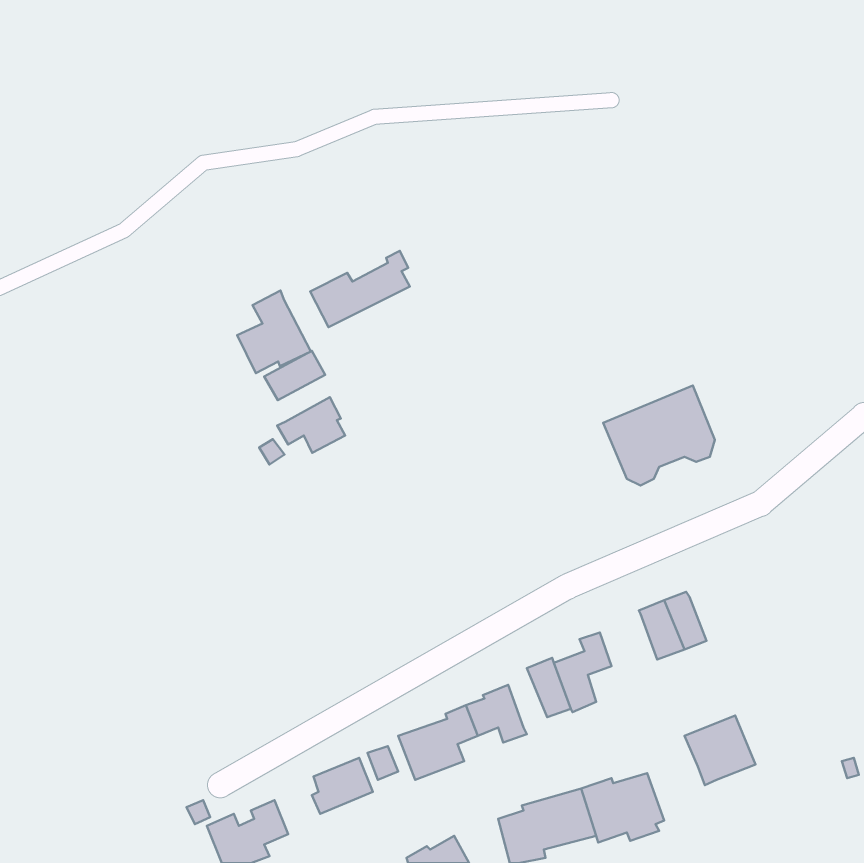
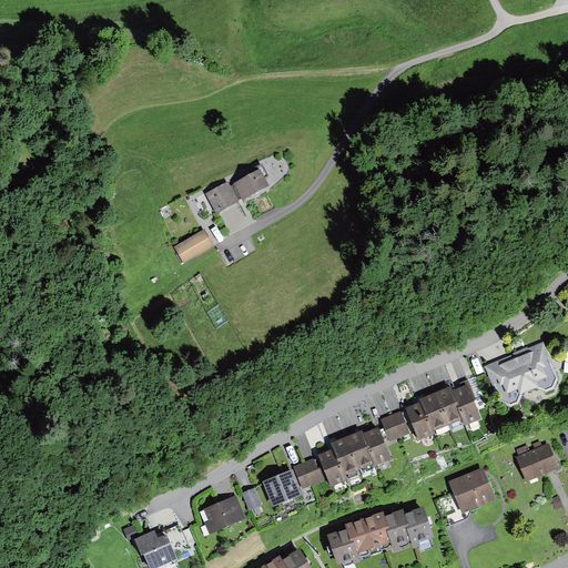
building: [237,290,311,373] -> none
building: [603,386,715,486] -> [484,341,557,406]
building: [277,397,345,453] -> none
building: none -> [452,385,480,425]
building: none -> [393,402,432,440]
building: none -> [329,437,358,476]
building: none -> [515,444,558,481]

